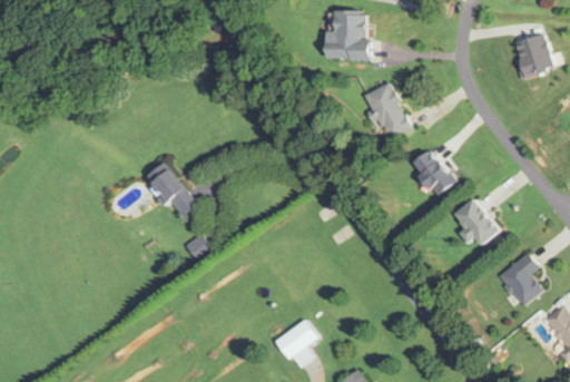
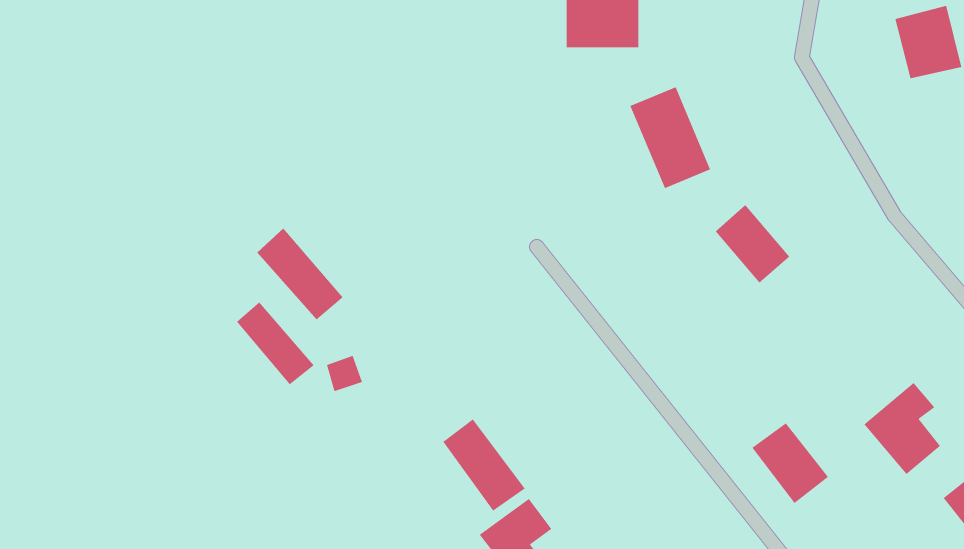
building: [454,198,499,245] -> [751,423,829,504]
building: none -> [236,301,315,385]
building: none -> [442,418,526,511]

